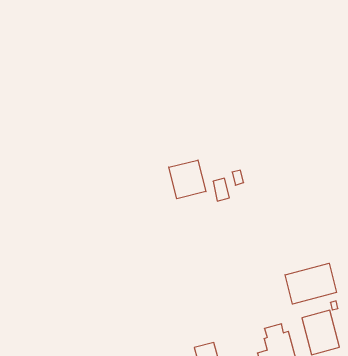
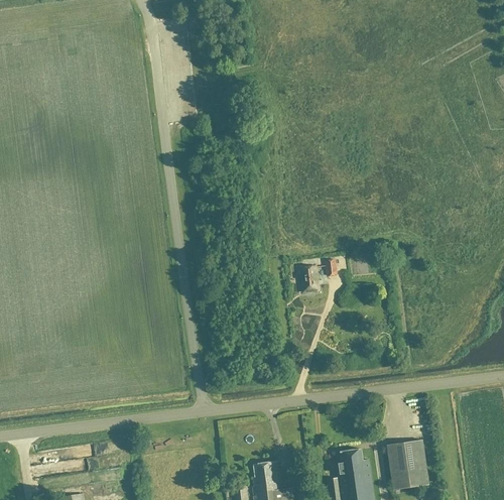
building: [169,160,206,199] -> none
building: [285,263,336,304] -> none

